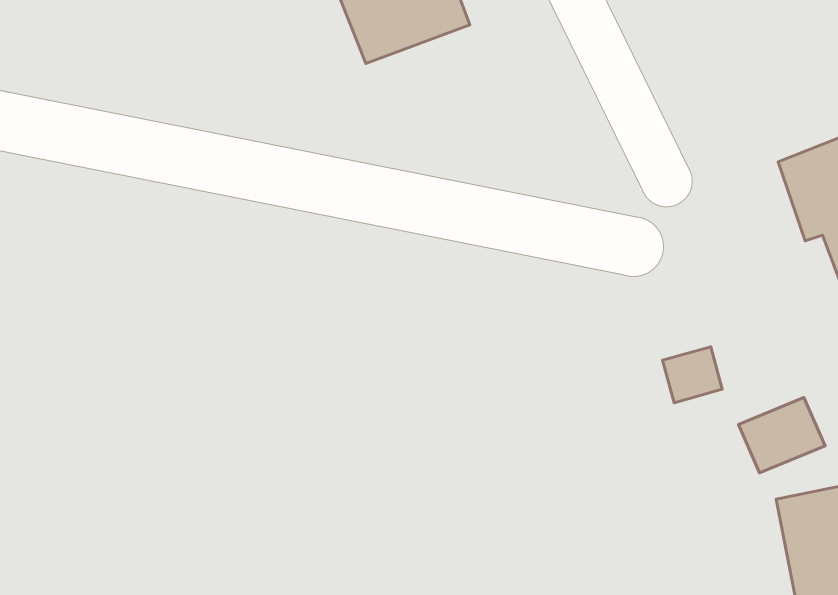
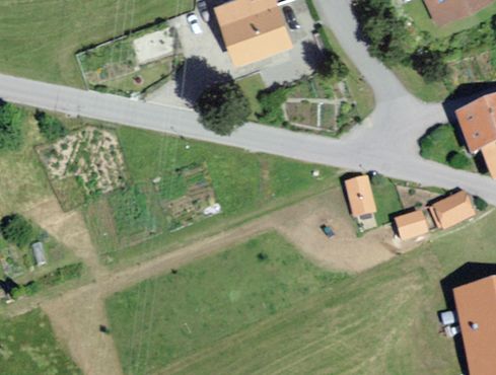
building: none -> [344,178,376,217]
building: [738,398,825,473] -> [432,191,478,230]

